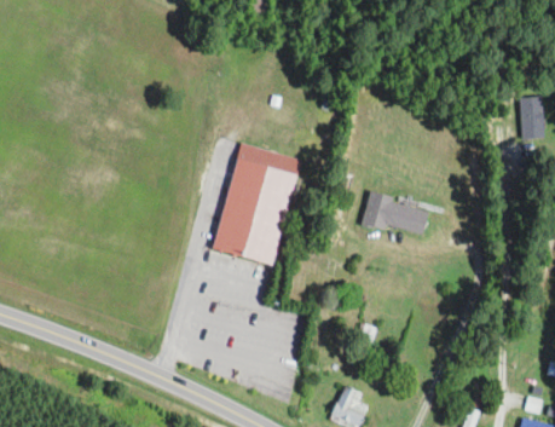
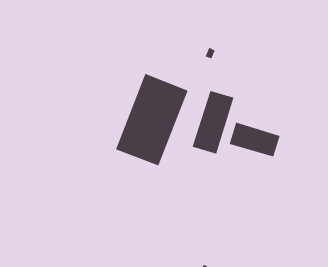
building: none -> [192,90,234,155]

